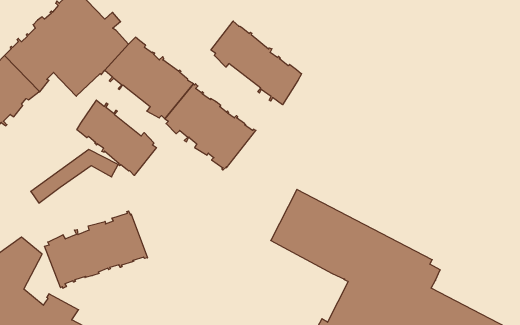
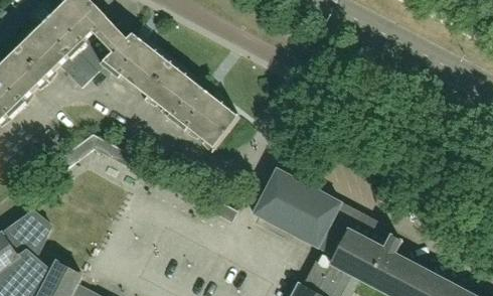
building: [211,21,302,105] -> none
building: [77,100,156,175] -> none
building: [45,211,147,288] -> none

